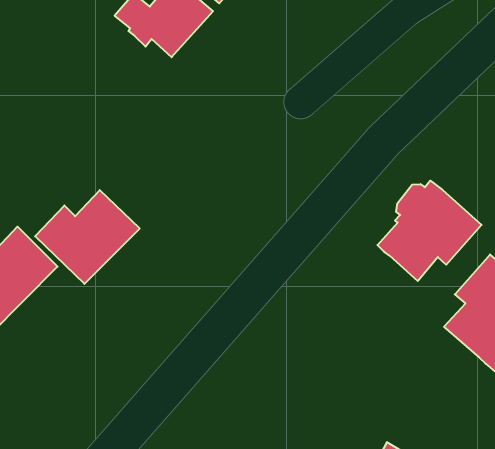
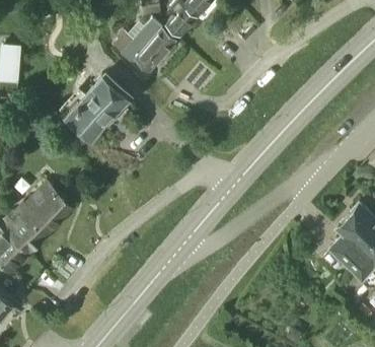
building: [377,181,482,281] -> none
building: [35,190,140,284] -> [59,76,128,138]

